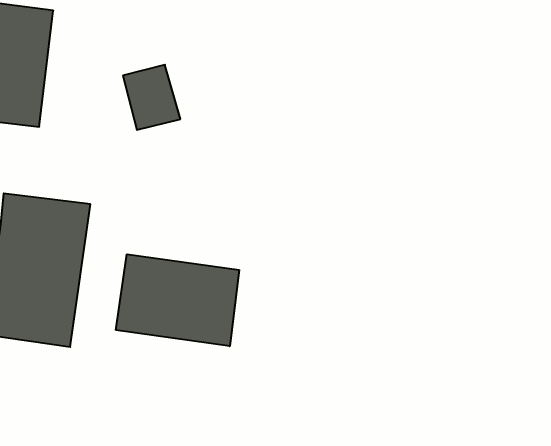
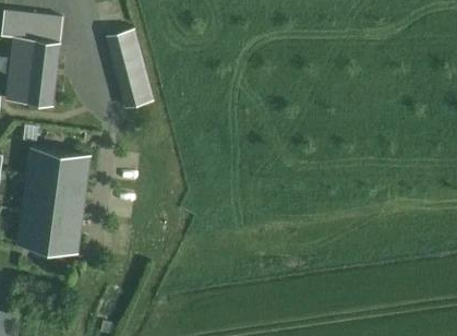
building: none -> [116,29,144,62]
building: [116,254,239,346] -> none

